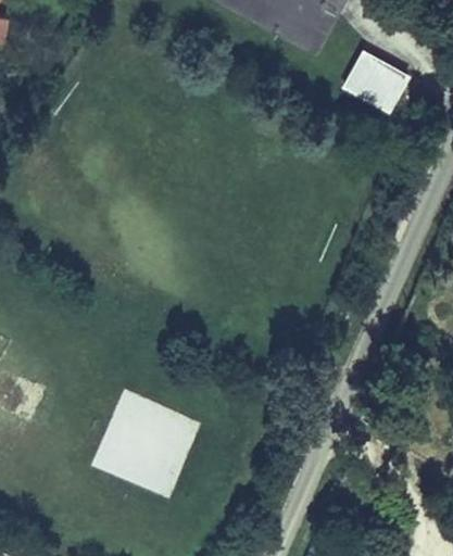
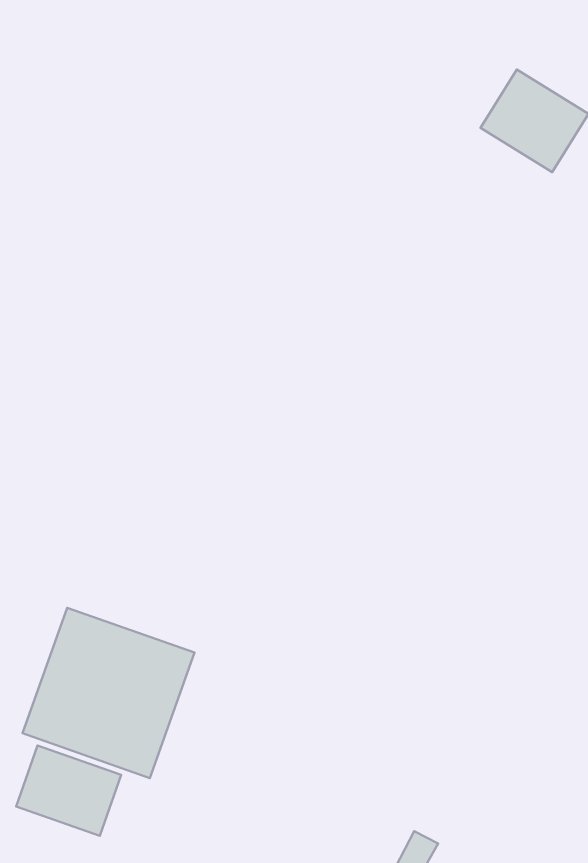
building: none -> [16,746,121,836]

